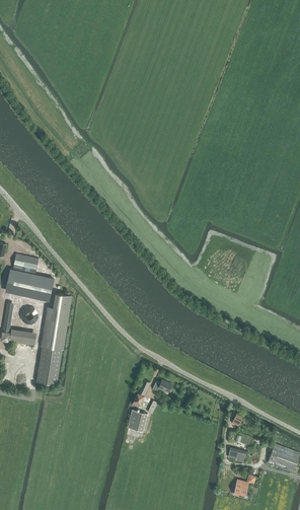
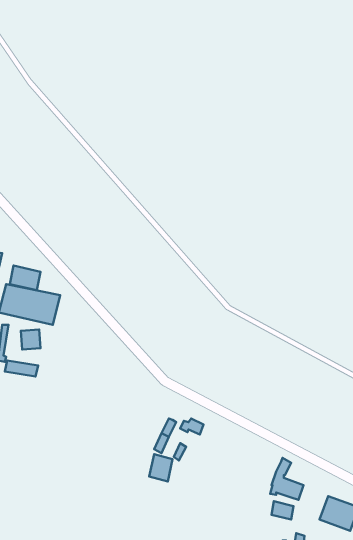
building: [36,292,71,384] -> none

